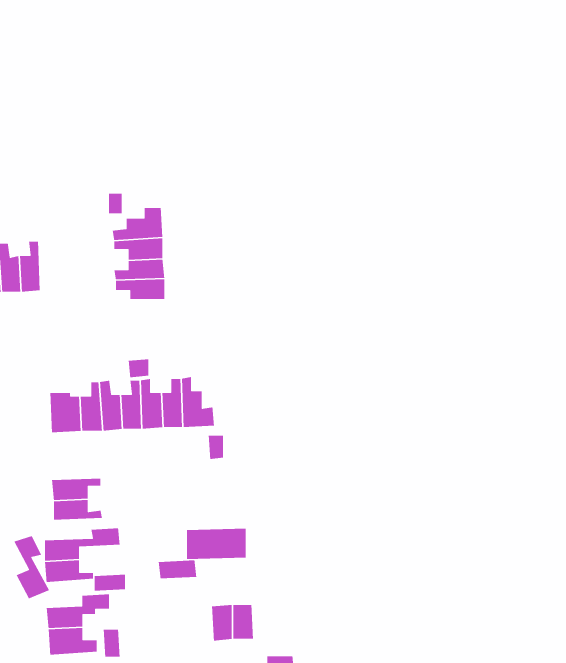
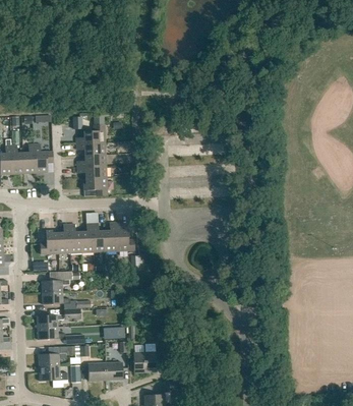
building: none -> [34,143,53,172]
building: none -> [83,177,107,195]
building: [186,528,246,560] -> [87,361,122,380]
building: [13,535,50,599] -> none

